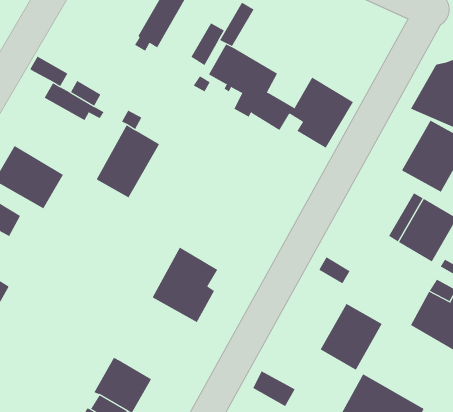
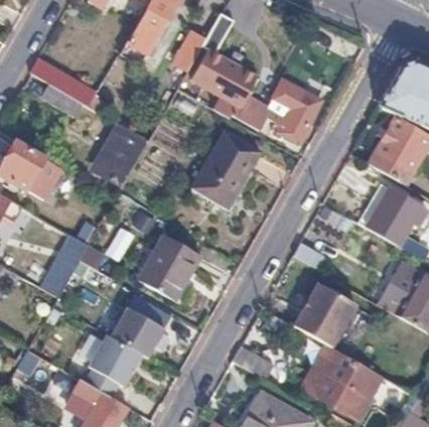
building: none -> [193,133,260,206]
building: none -> [48,239,106,297]
building: none -> [110,307,164,359]

